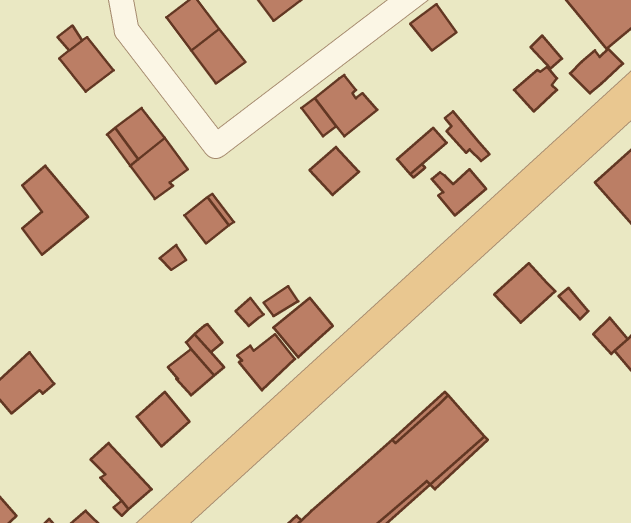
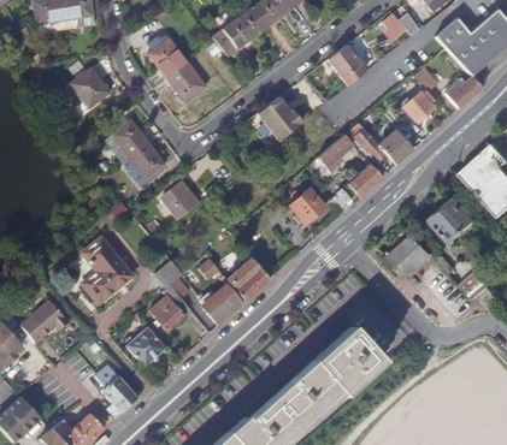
building: none -> [377,130,412,167]
building: [310,147,359,195] -> [289,189,325,224]
building: [22,166,88,255] -> [83,238,131,303]
building: none -> [434,200,476,241]

